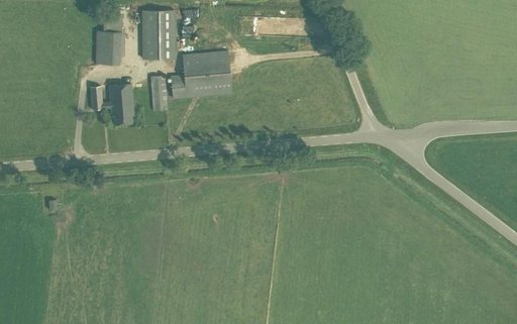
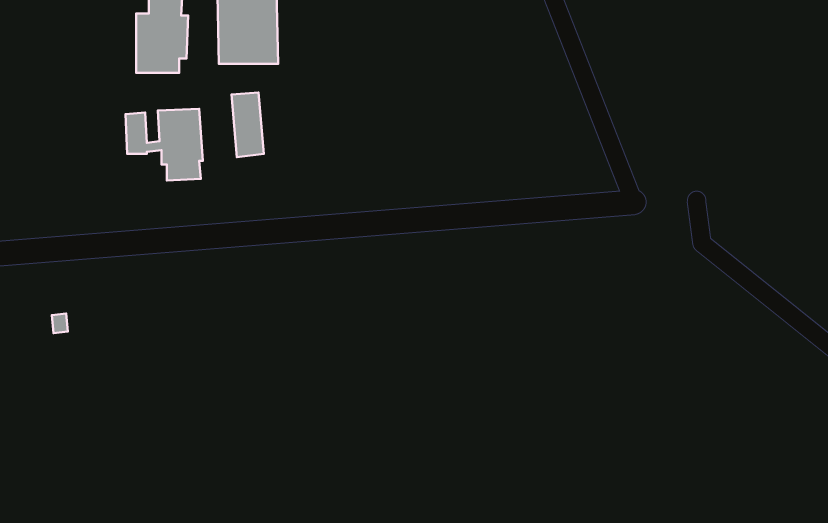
building: [170,49,232,98] -> none

